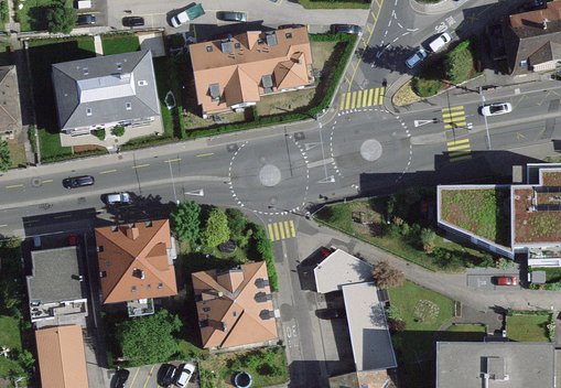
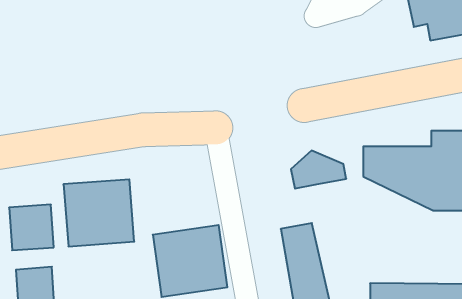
building: [192,31,311,112] -> none
building: [55,63,157,139] -> none
building: [312,244,375,287] -> [291,151,346,189]

